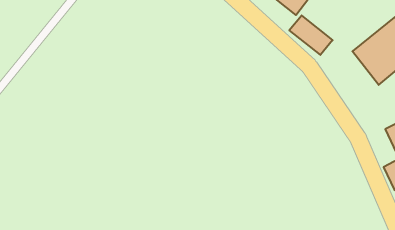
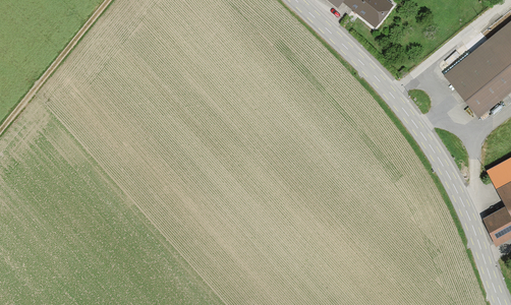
building: [289,15,333,55] -> none

